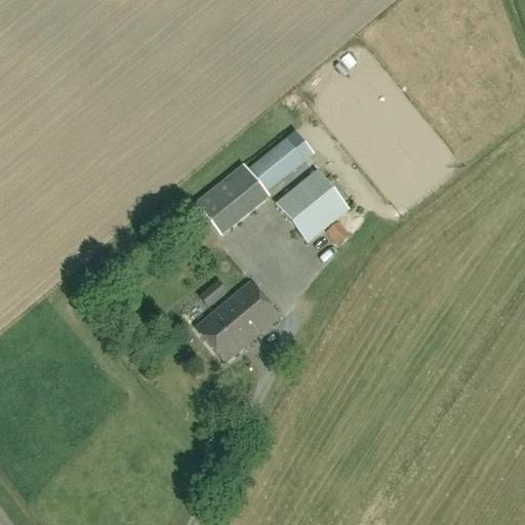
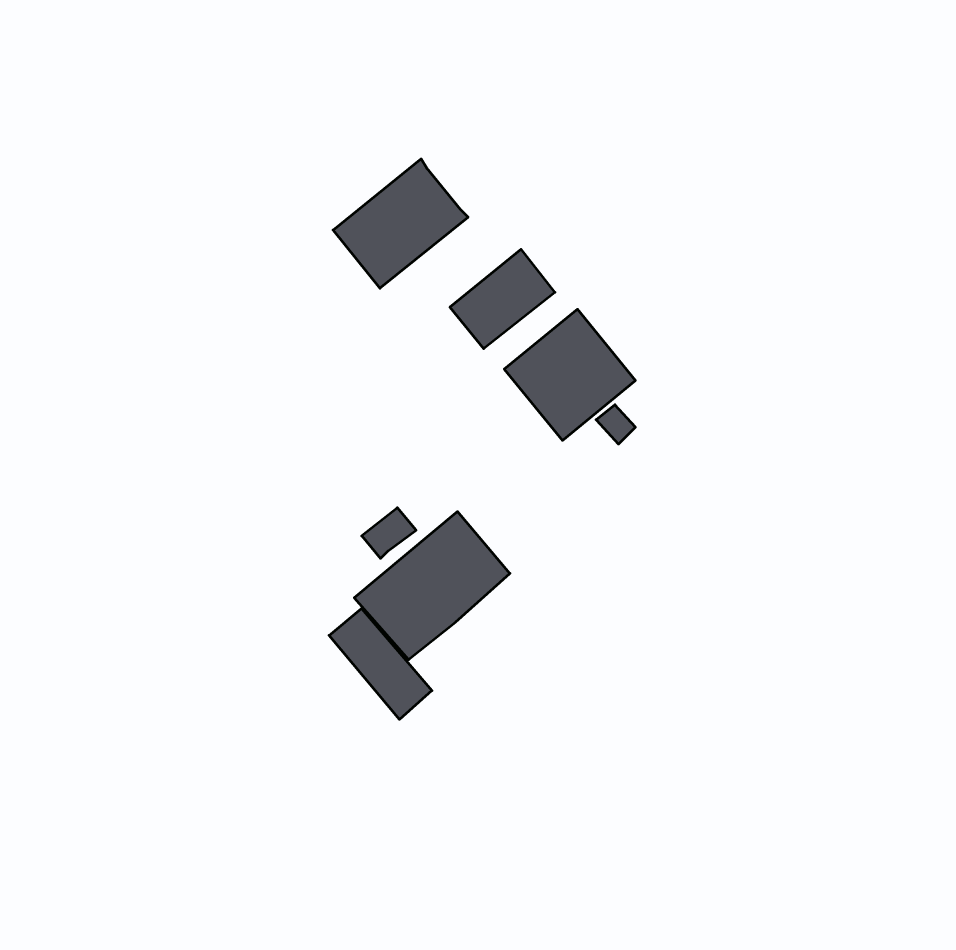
building: [196,163,270,234] -> [333,159,468,288]
building: none -> [329,608,432,719]

